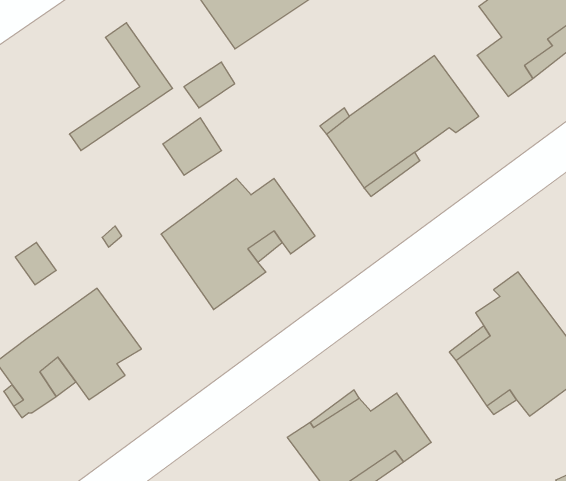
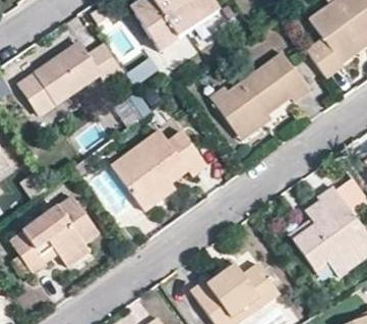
building: none -> [17,41,99,112]

